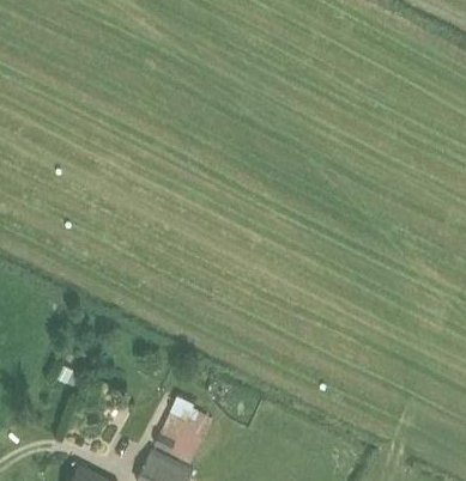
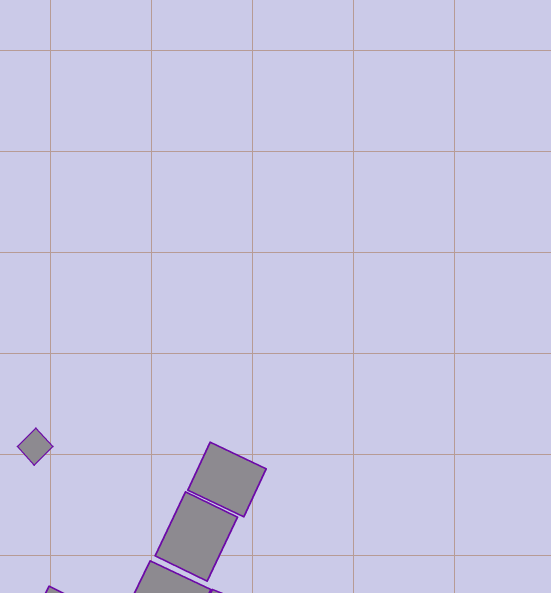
building: none -> [188,442,266,517]

